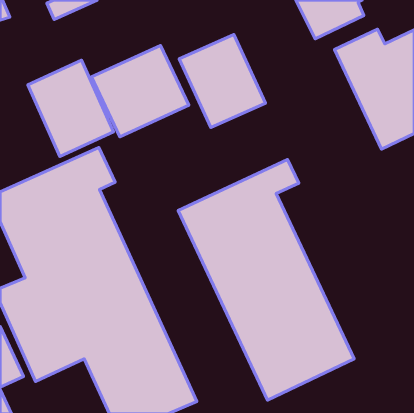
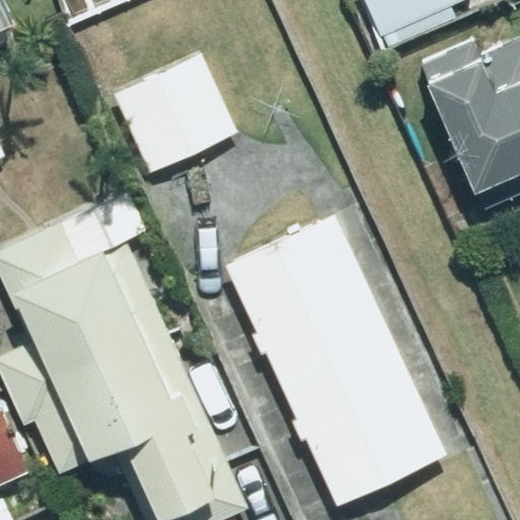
building: [179,35,266,128] -> none
building: [28,60,114,156] -> none

